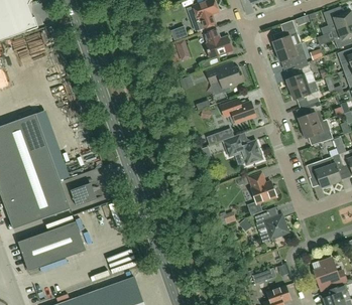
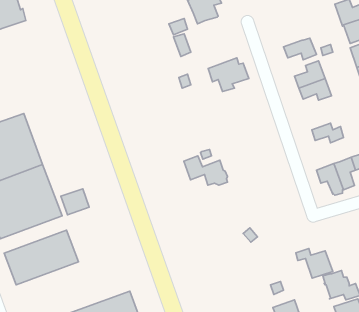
building: [273,20,301,51] -> none
building: [205,28,233,57] -> none
building: [221,99,256,122] -> none
building: [299,103,329,128] -> none
building: [223,135,263,162] -> [184,156,227,185]
building: [249,172,276,202] -> none
building: [255,211,289,239] -> [296,249,333,278]

